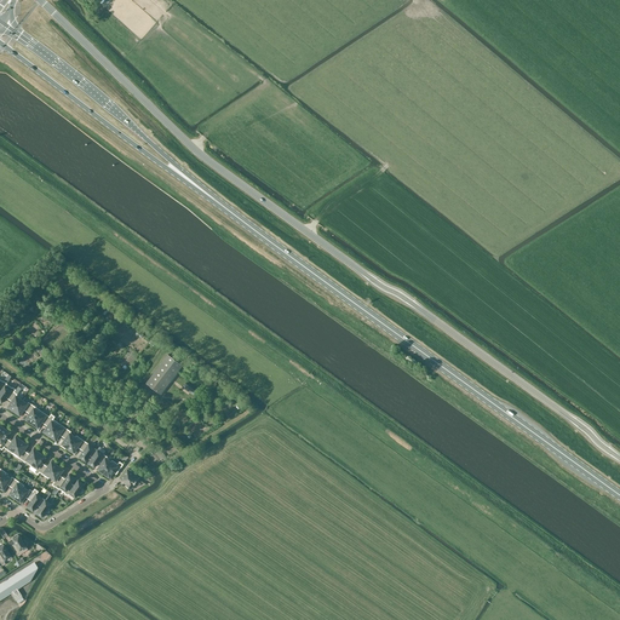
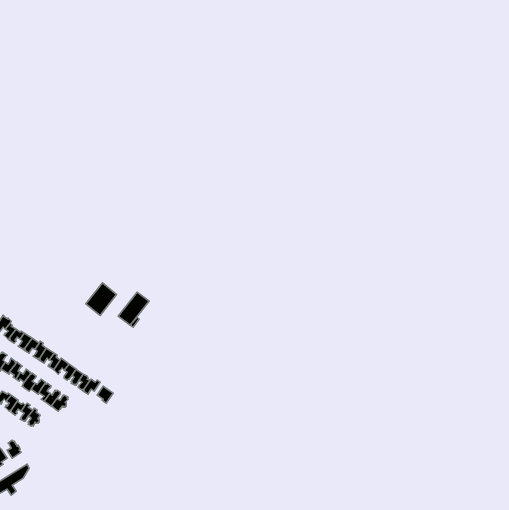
building: none -> [86,283,117,316]

